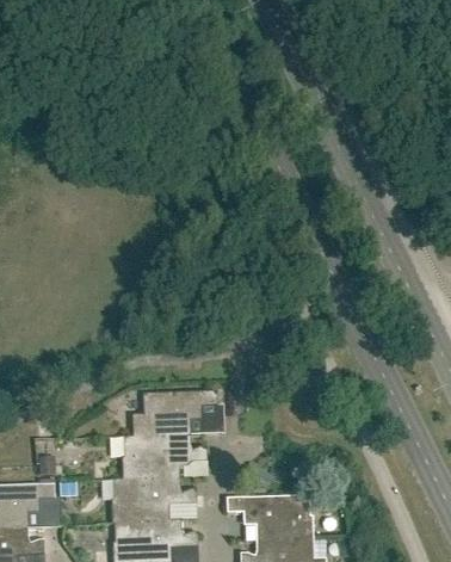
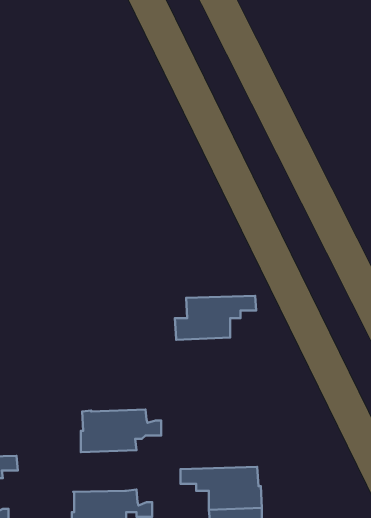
building: [132,395,218,441] -> [175,296,256,340]
building: [112,482,197,529] -> none

